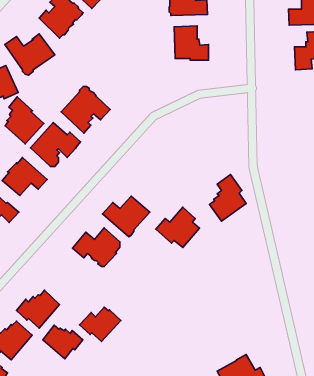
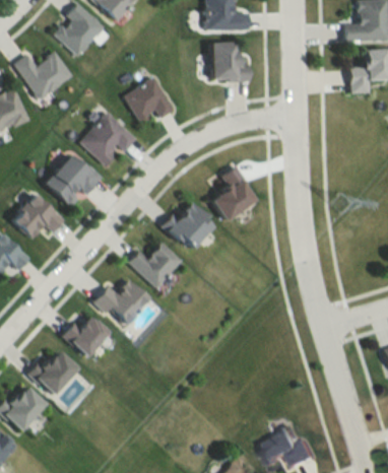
building: none -> [124,78,174,123]
building: [5,97,44,144] -> none
building: [209,175,246,221] -> [212,163,255,217]
building: [156,207,200,248] -> [161,199,212,246]
building: [80,307,121,342] -> [61,314,109,353]
building: [43,325,83,359] -> none

